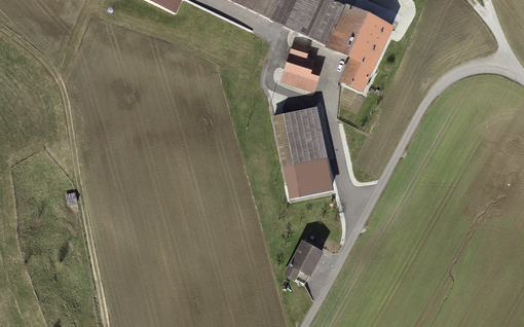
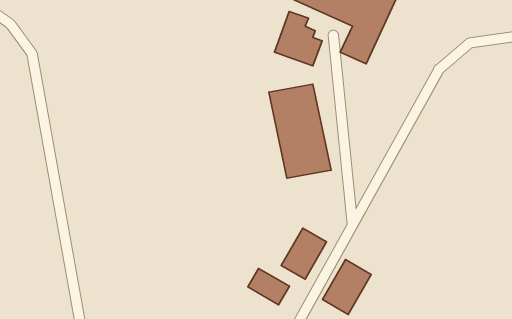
building: none -> [322,259,371,314]
building: none -> [248,269,289,305]

